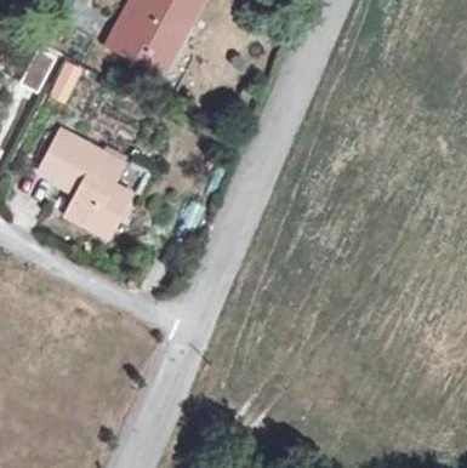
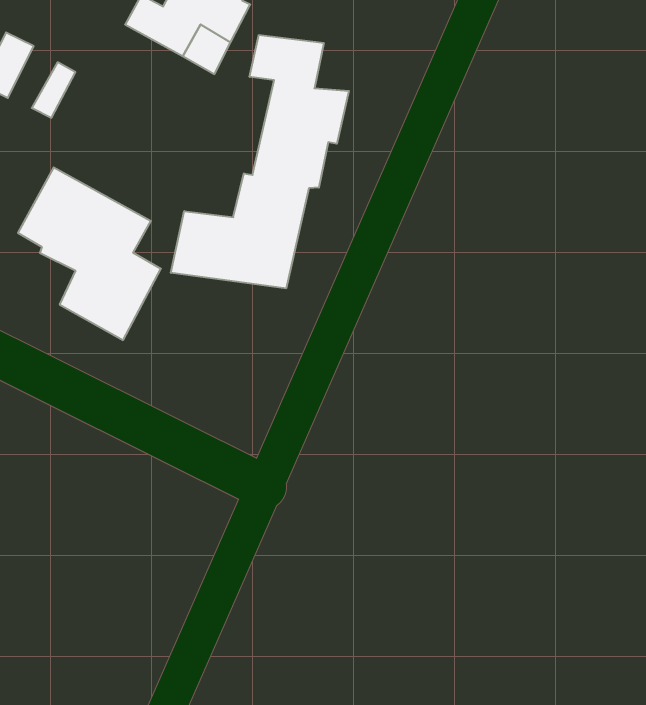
building: none -> [171,35,349,288]

